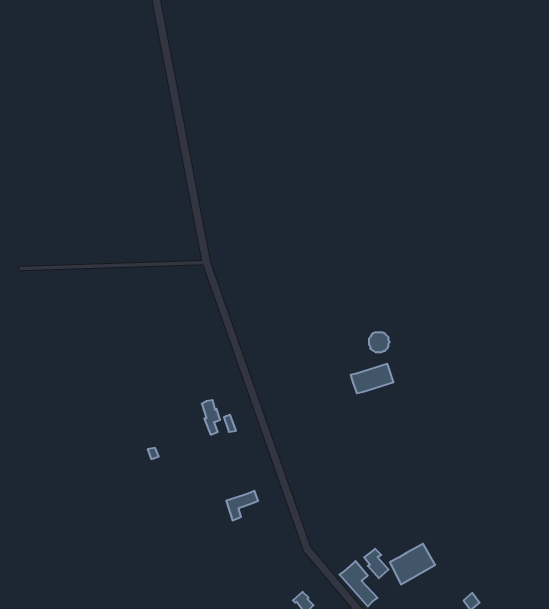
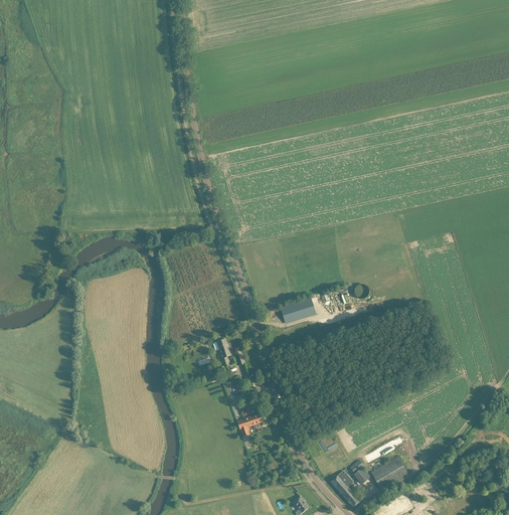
building: [351,364,394,393] -> [281,298,316,322]

